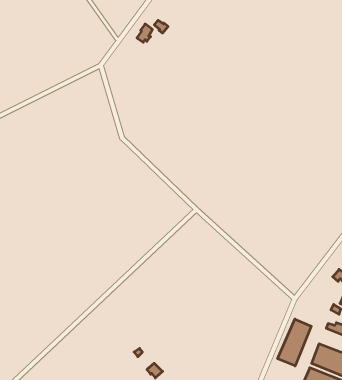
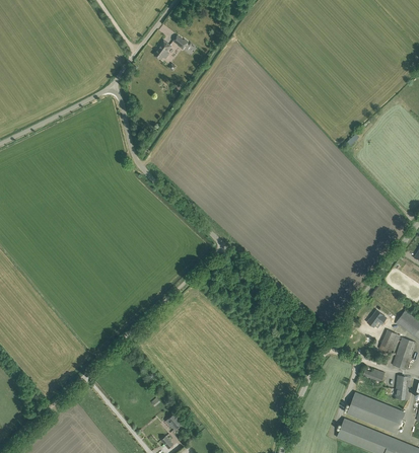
building: [278,319,311,366] -> none

